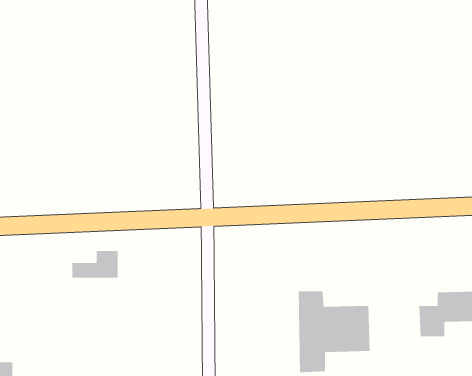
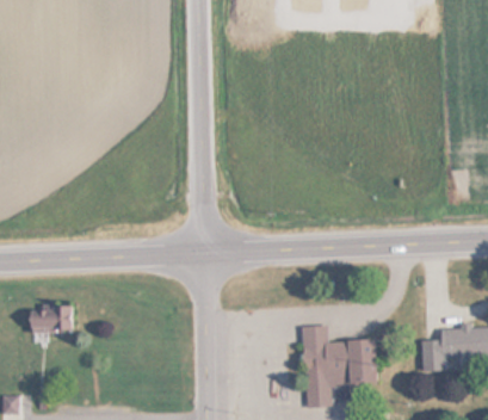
building: [72,250,119,278] -> [26,305,73,333]

